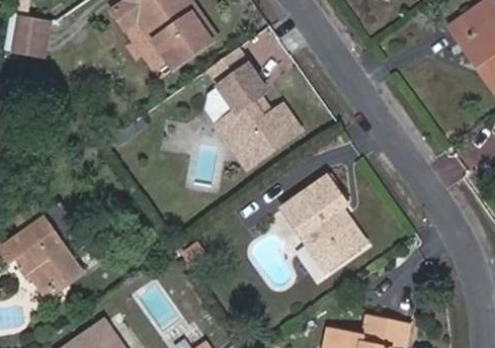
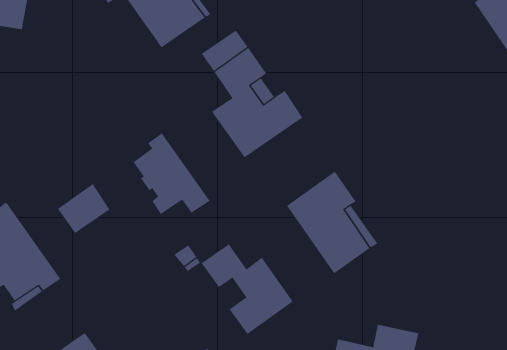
building: none -> [133,132,210,215]
building: none -> [57,183,110,234]
building: none -> [201,243,293,335]

